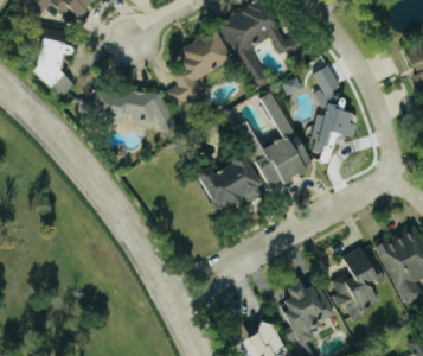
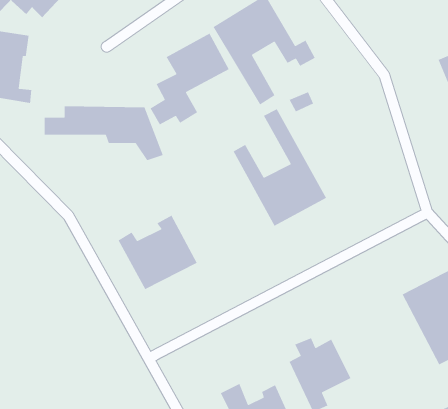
building: [312,65,354,151] -> none
building: [197,151,263,214] -> [118,214,198,290]
building: [332,244,385,317] -> none

